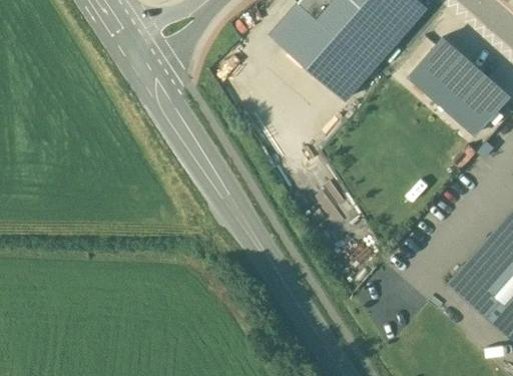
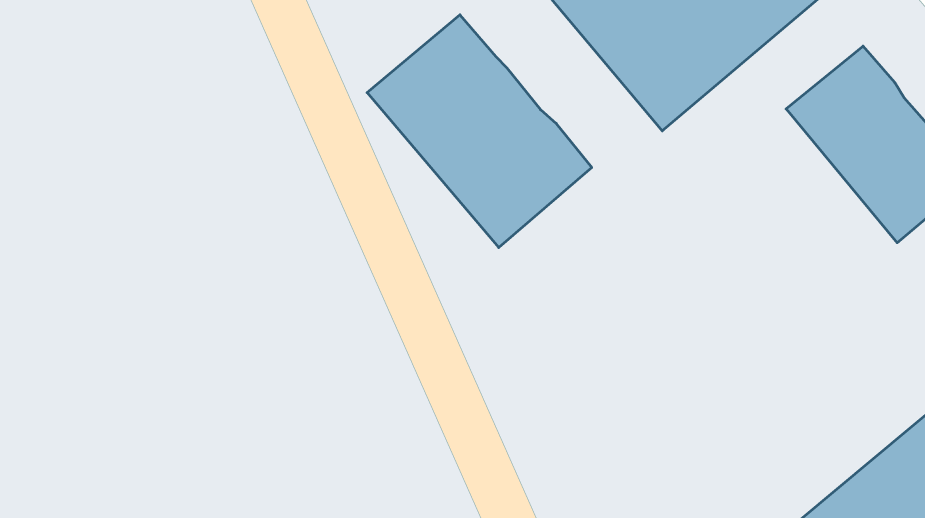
building: none -> [367,15,592,248]

